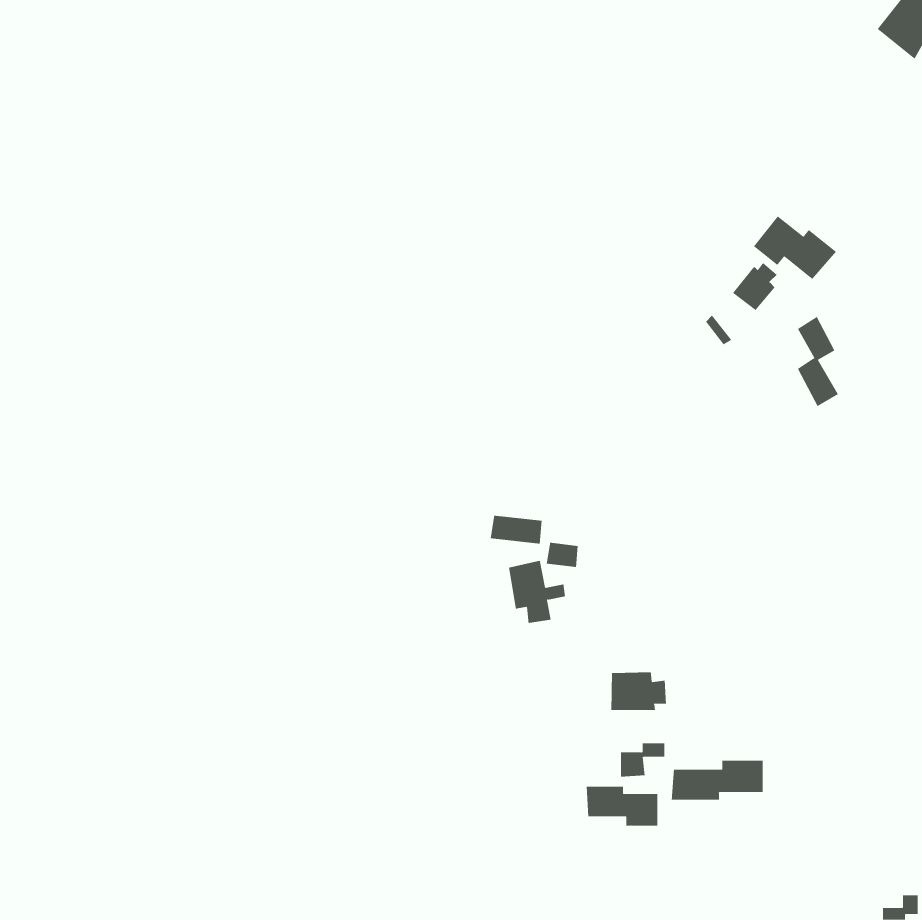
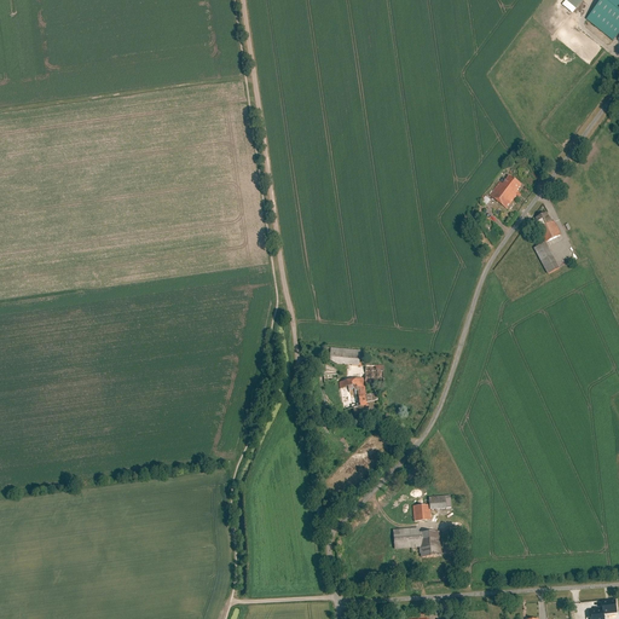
building: [753,216,837,280] -> none
building: [611,672,666,711] -> none
building: [671,760,763,800] -> none

